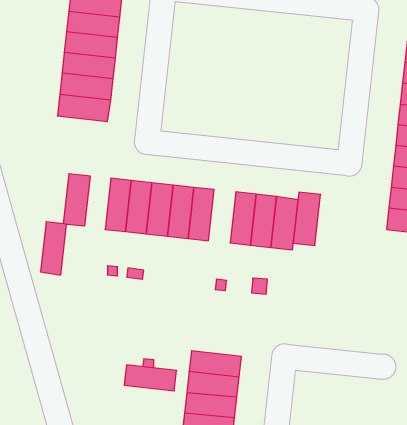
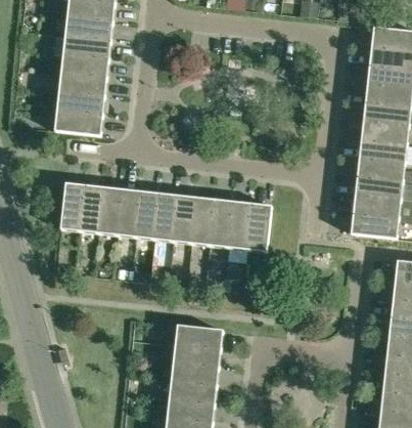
building: [293,192,321,246] -> [190,197,215,245]
building: [40,222,67,275] -> [79,184,102,232]
building: [124,365,177,391] -> [175,324,222,347]

